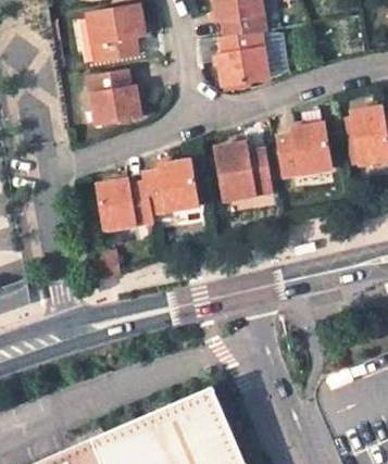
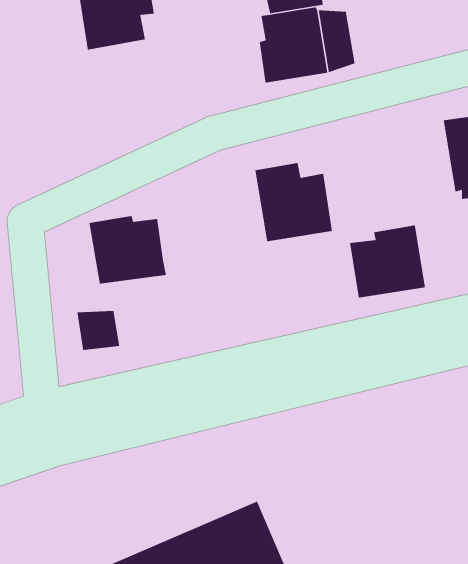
building: [85,71,138,127] -> none
building: [275,123,330,176] -> [349,224,426,298]
building: [143,160,197,213] -> none

